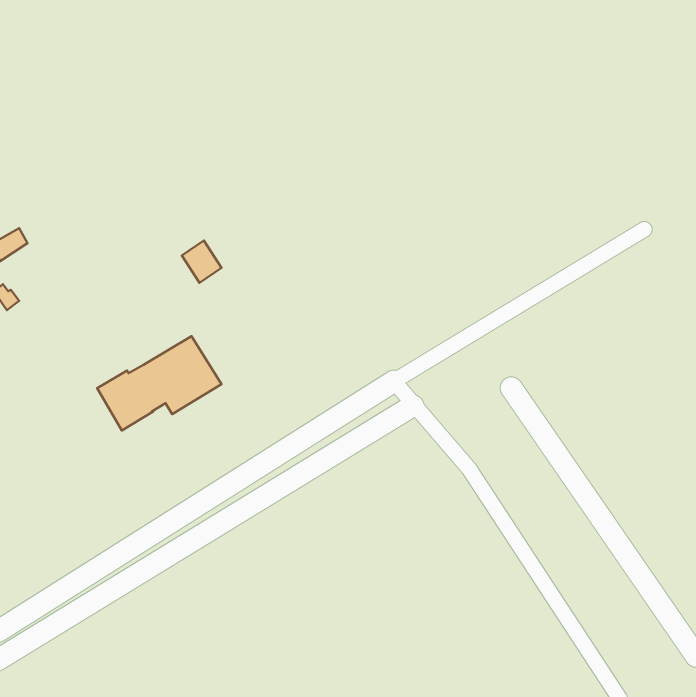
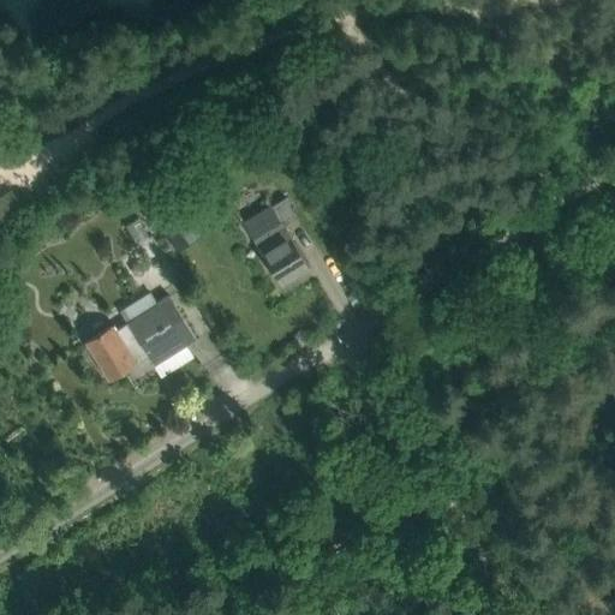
building: none -> [241,198,308,285]

